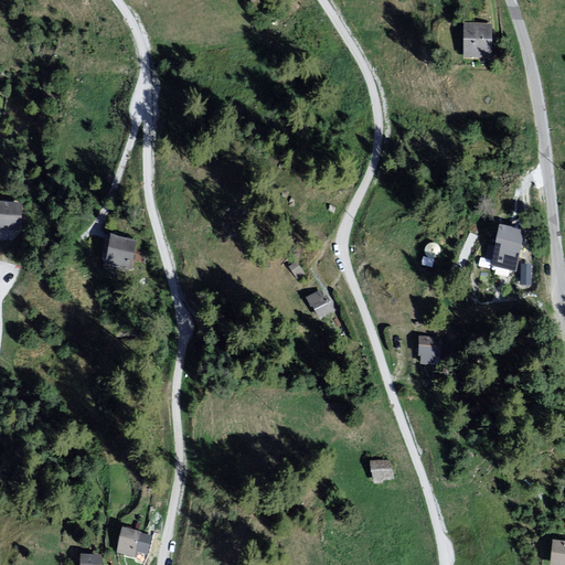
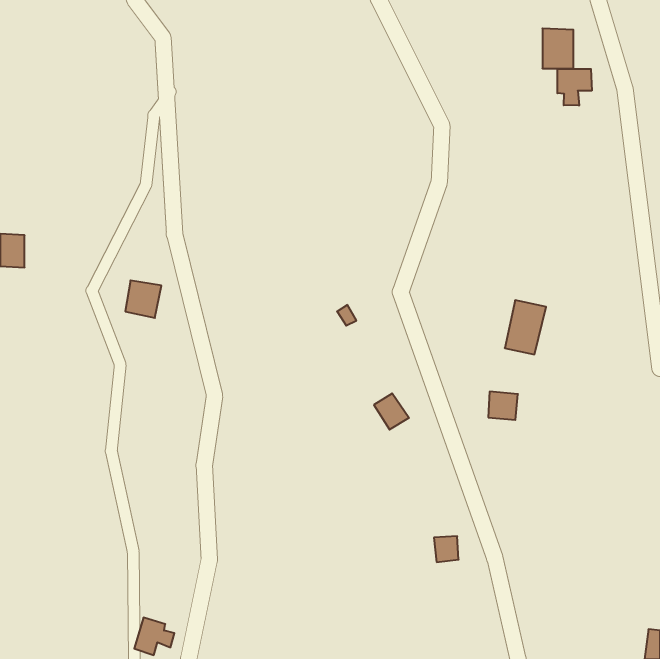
building: none -> [557,69,592,106]
building: [491,221,526,267] -> [505,300,546,354]
building: [306,287,335,318] -> [374,393,409,430]

